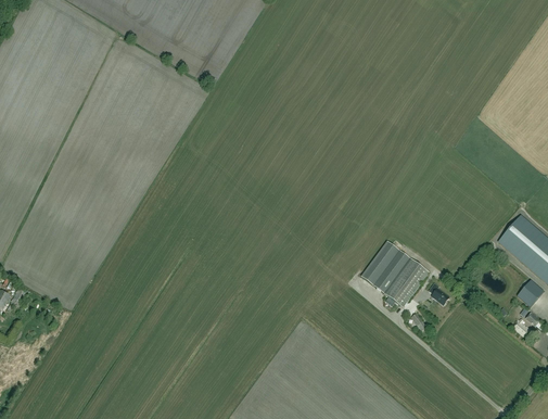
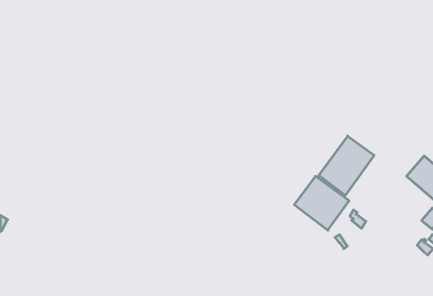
building: none -> [319,136,374,195]

